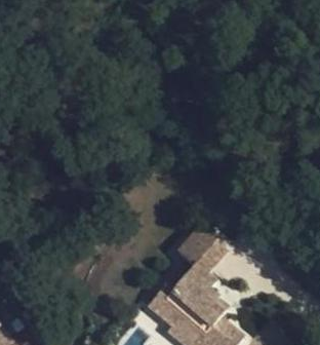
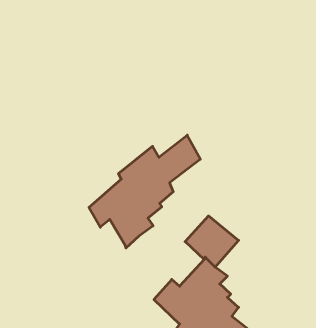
building: none -> [89,135,200,248]

